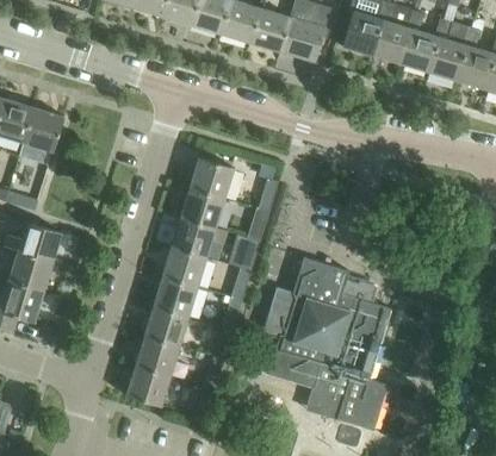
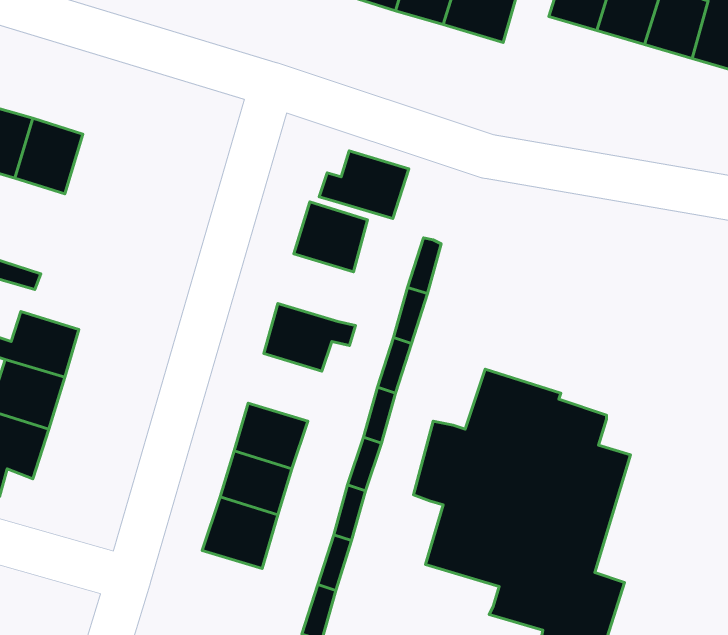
building: [172,188,225,229] -> [319,151,409,219]
building: [162,248,206,288] -> none
building: [126,366,170,406] -> none

